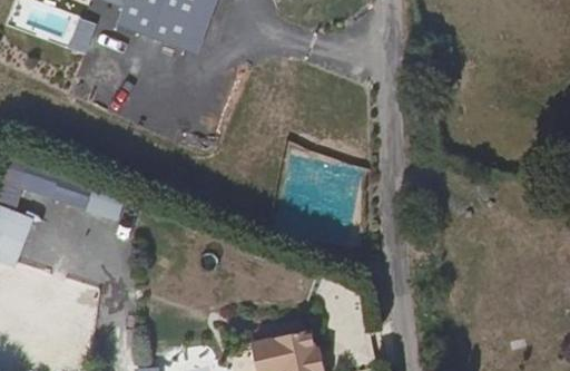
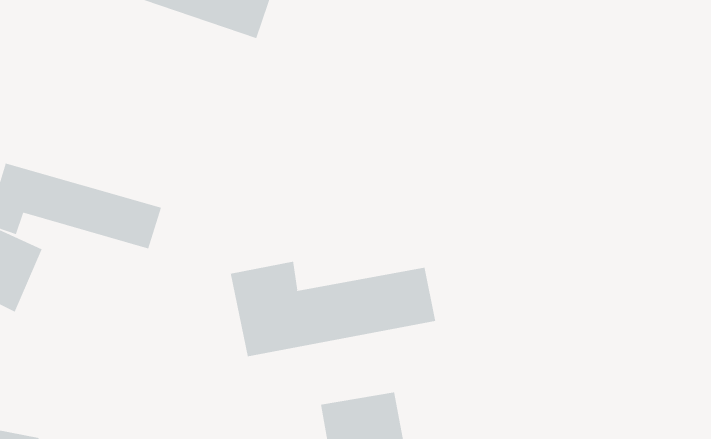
building: none -> [230,261,436,357]

